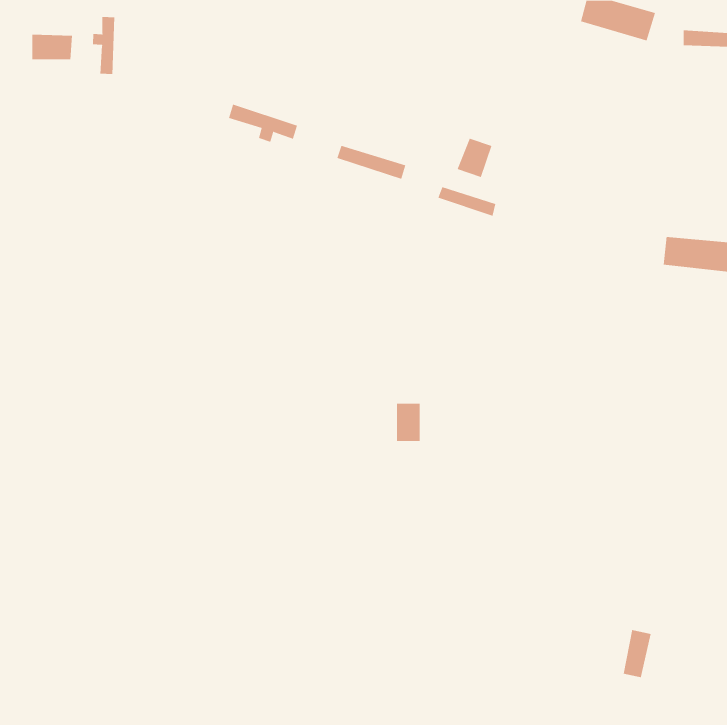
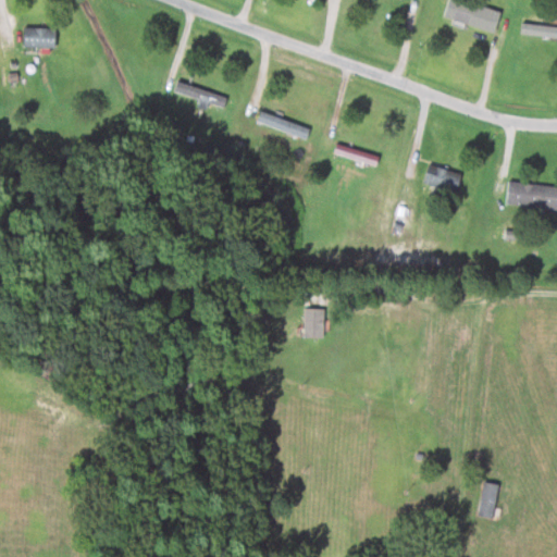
building: [93,16,115,75] -> none
building: [457,138,492,178] -> none
building: none -> [425,166,462,191]

